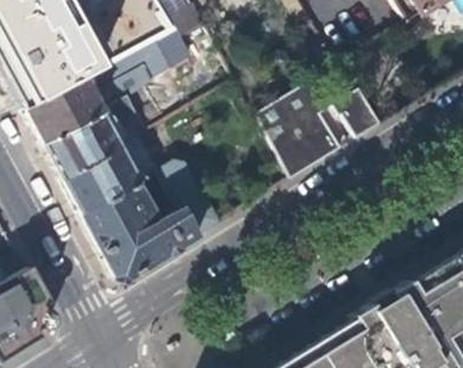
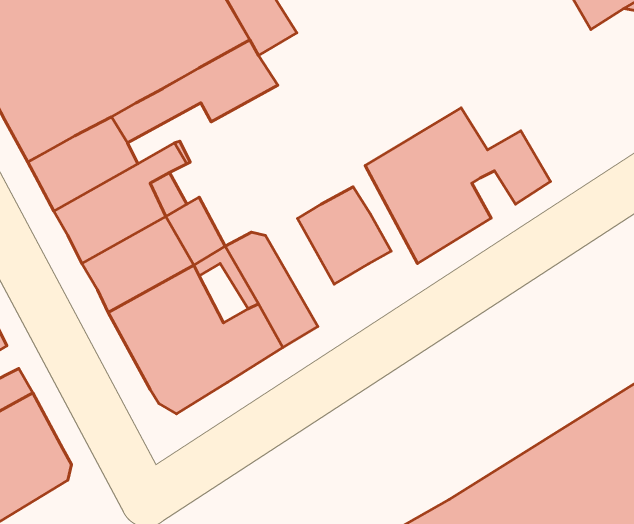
building: none -> [297,187,391,284]

